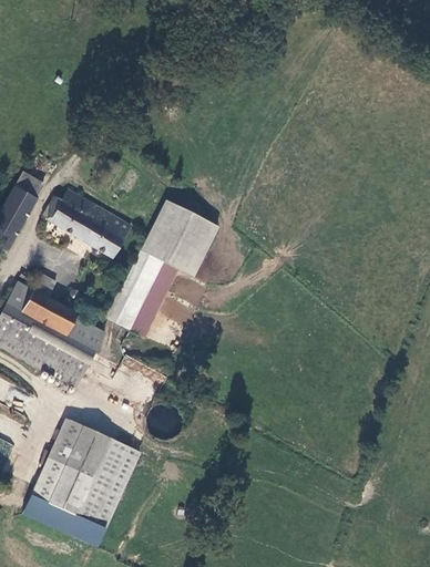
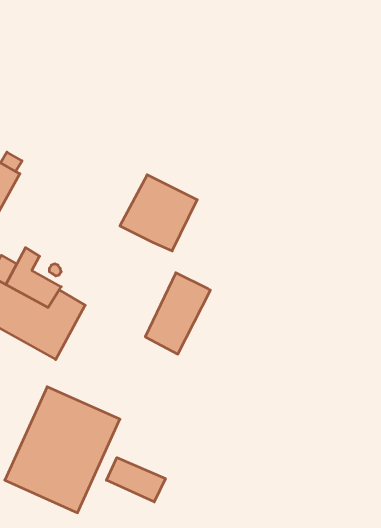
building: [44,189,131,258] -> none
building: [110,251,176,334] -> [145,273,210,354]
building: none -> [106,458,165,502]

